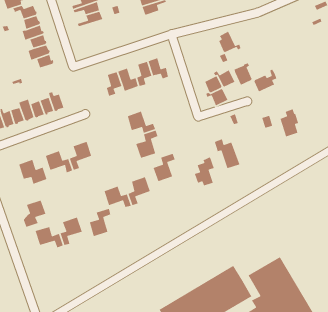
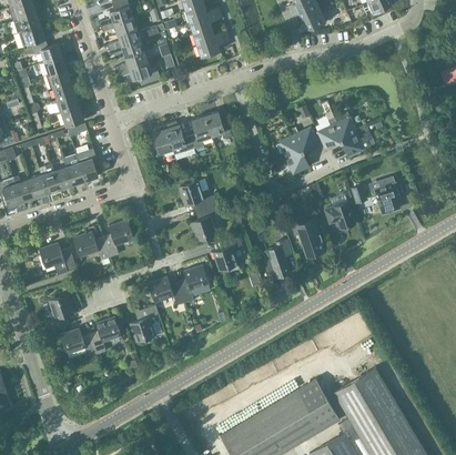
building: none -> [116,62,161,85]
building: [218,31,241,53] -> [334,111,364,140]
building: none -> [325,202,355,230]

